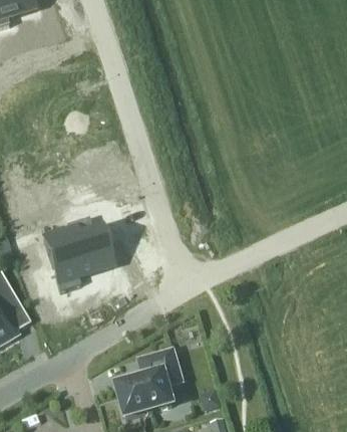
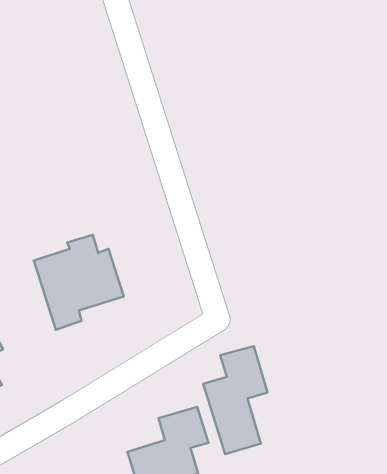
building: none -> [203,346,268,454]

